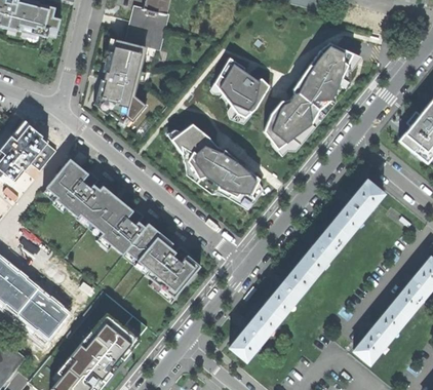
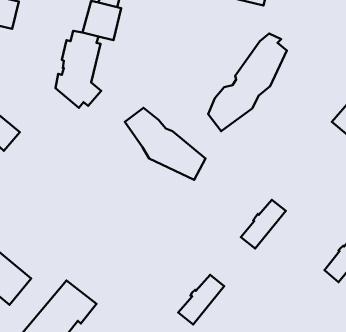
building: [214,58,270,118] -> none
building: [46,159,201,299] -> none
building: [333,182,384,237] -> none
building: [266,266,315,319] -> none
building: [354,302,406,360] -> none

